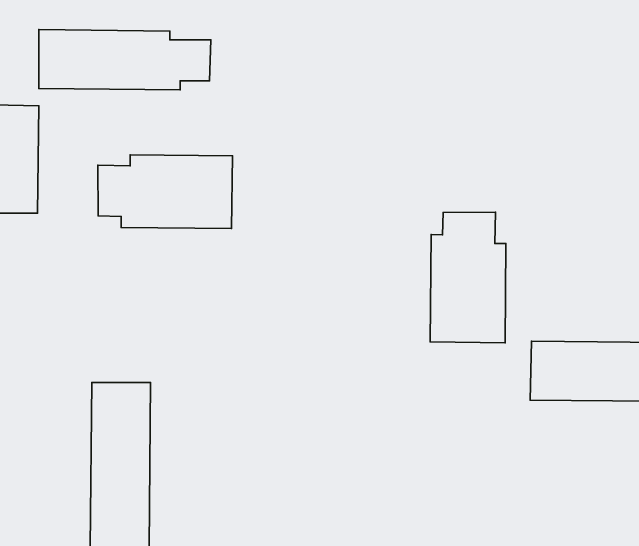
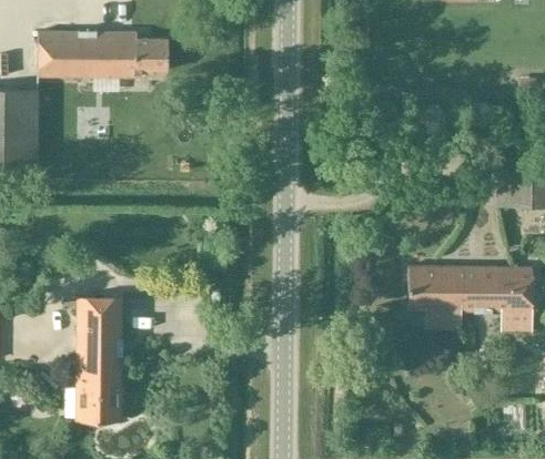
building: [98,155,233,229] -> none
building: [430,212,506,343] -> none

